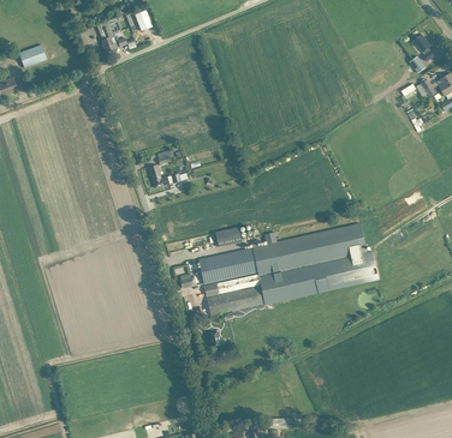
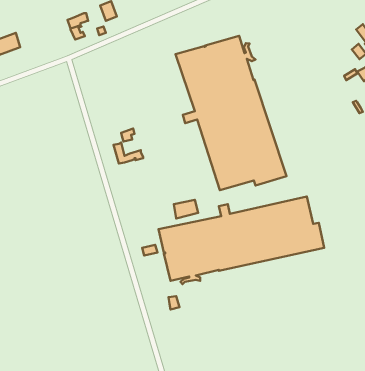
building: none -> [175,36,286,190]

